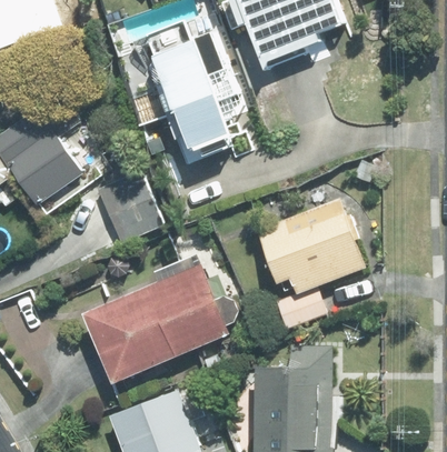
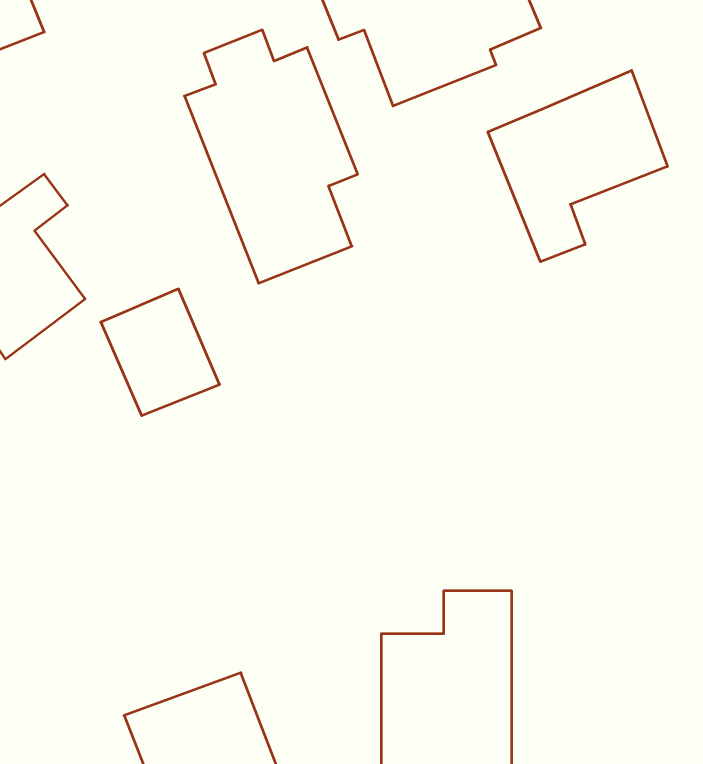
building: none -> [488,70,667,262]
building: [255,195,366,297] -> none
building: [81,265,227,384] -> none

